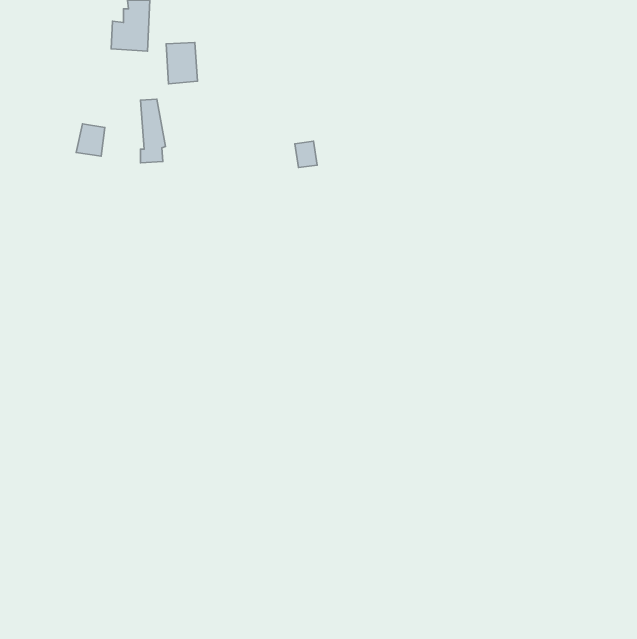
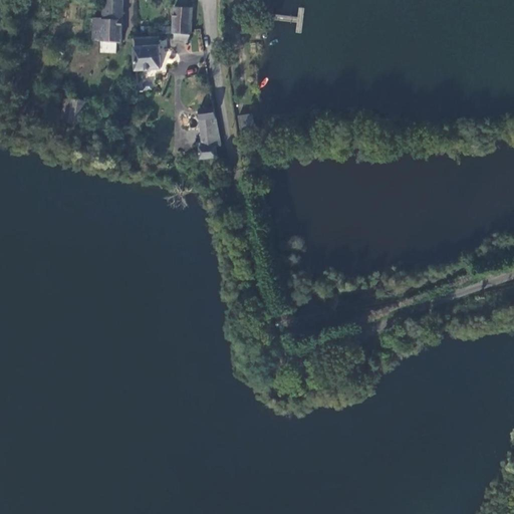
building: none -> [163,5,193,34]
building: [140,99,165,163] -> [201,108,221,160]

